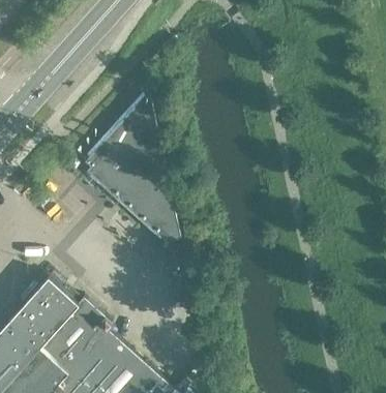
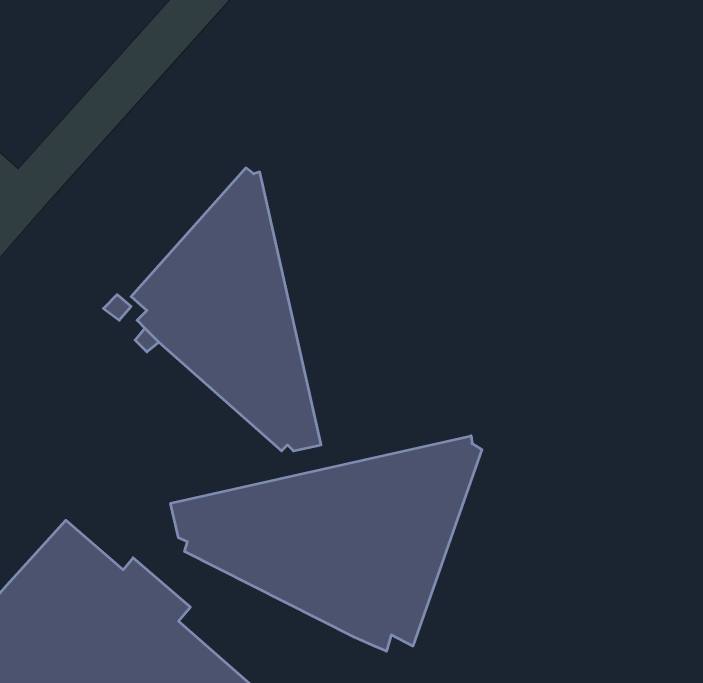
building: none -> [171,436,482,651]

